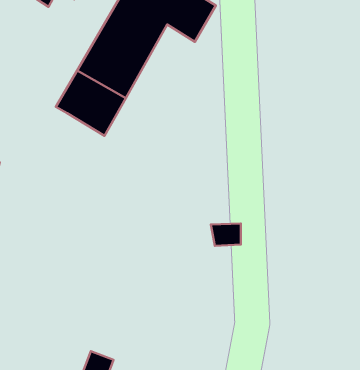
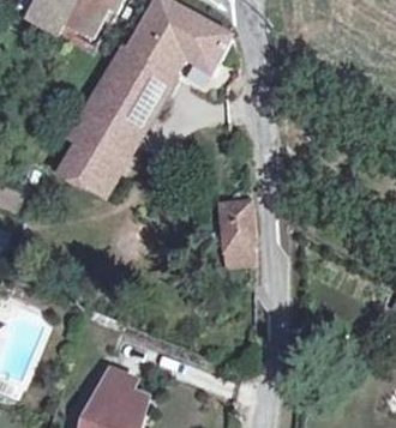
building: none -> [70,141,122,189]
building: none -> [221,200,253,248]

